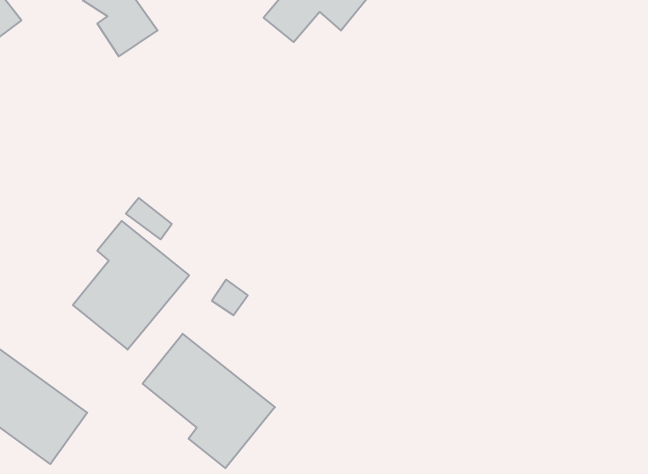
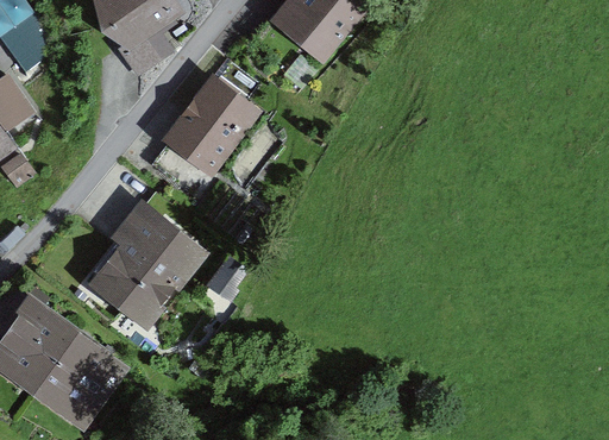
building: none -> [155,81,249,196]
building: [143,334,275,468] -> none

